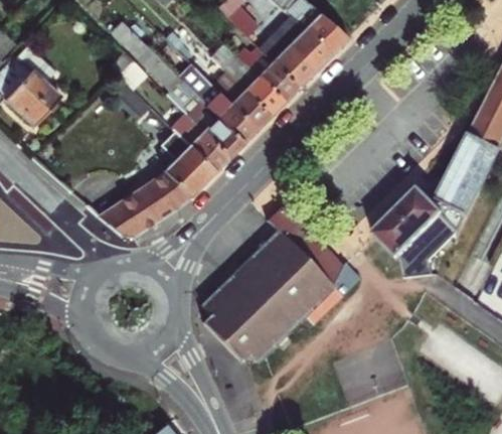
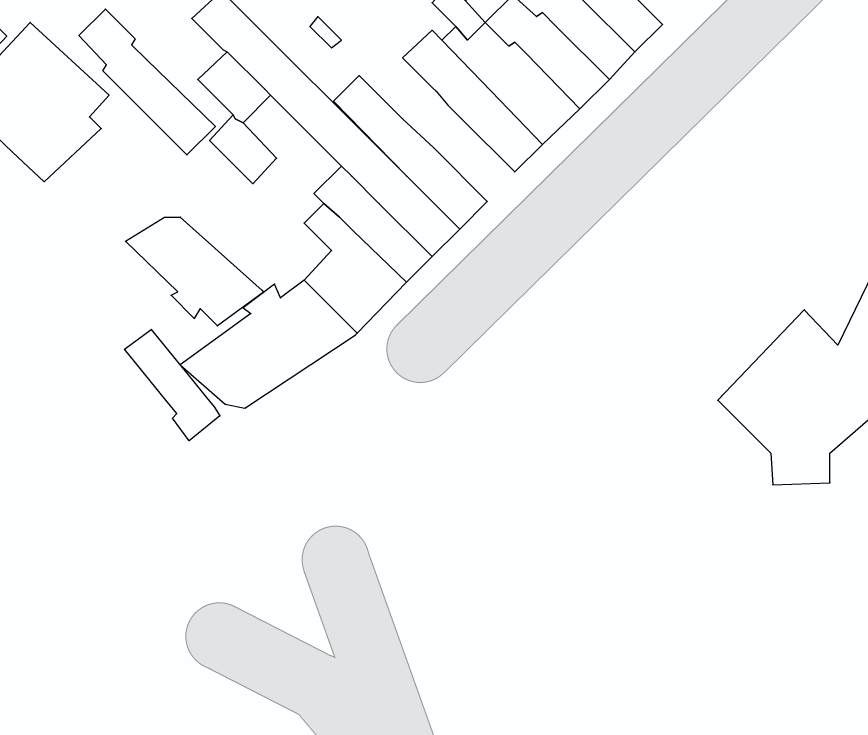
building: none -> [79,9,215,155]
building: [212,74,270,132] -> none
building: none -> [125,217,264,326]
building: none -> [125,329,220,441]
building: [201,203,360,363] -> none

